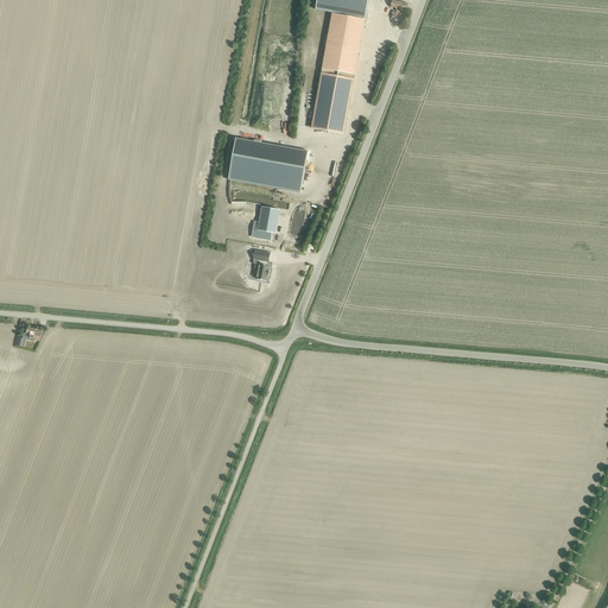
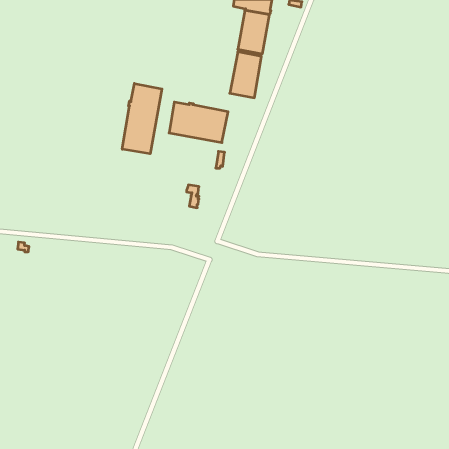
building: none -> [122,83,162,154]
building: [252,205,279,240] -> none

